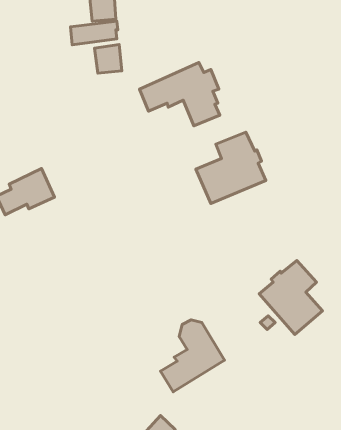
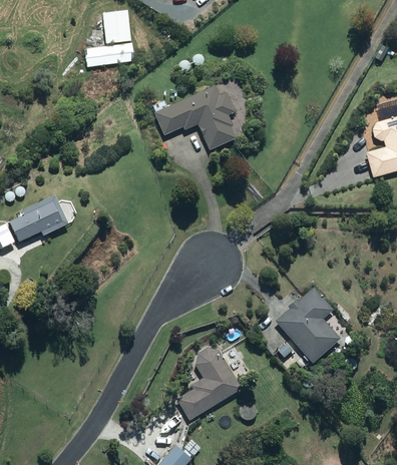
building: [95,44,122,73] -> none
building: [196,132,266,204] -> none

